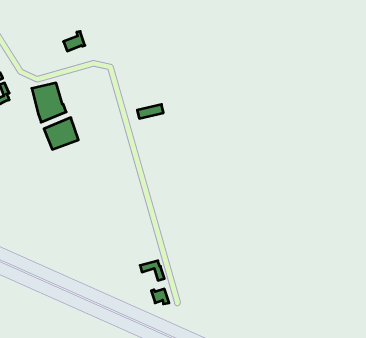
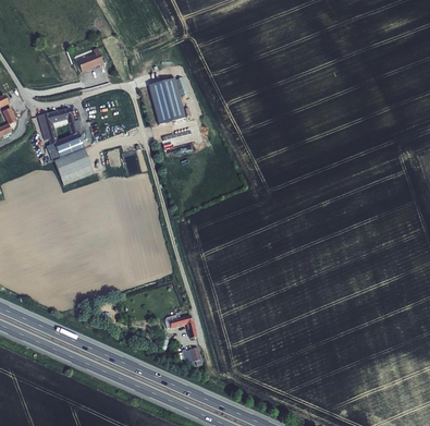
building: none -> [149,77,186,123]

